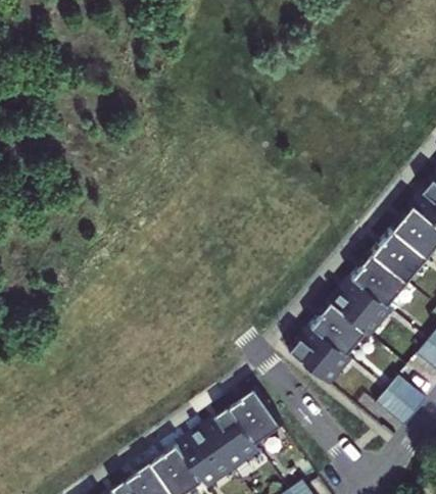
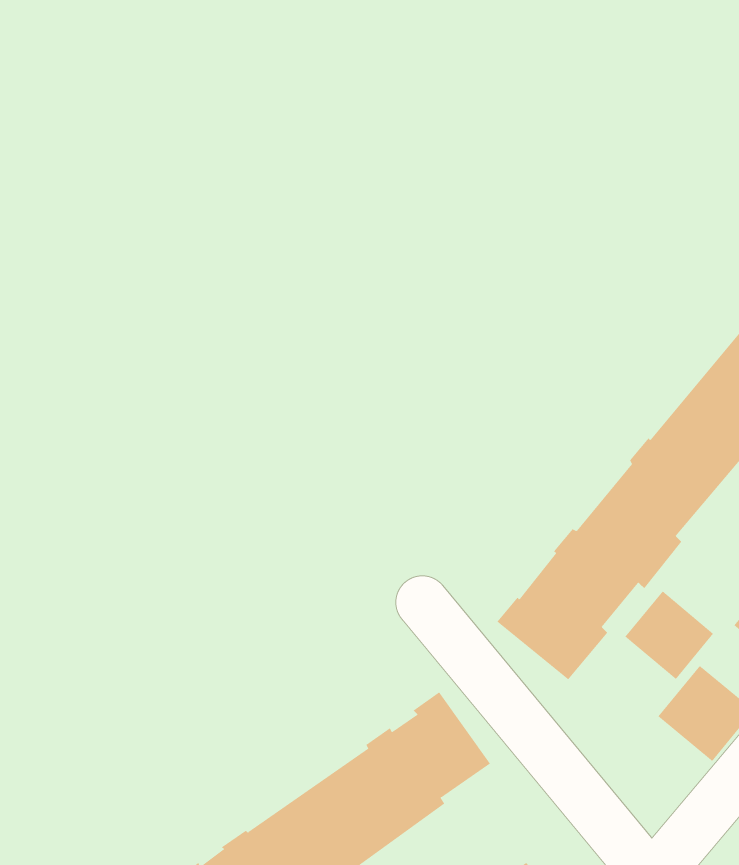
building: none -> [624,591,714,680]

